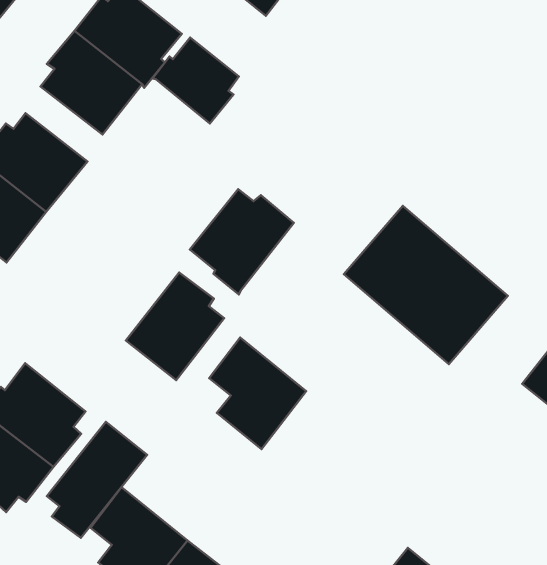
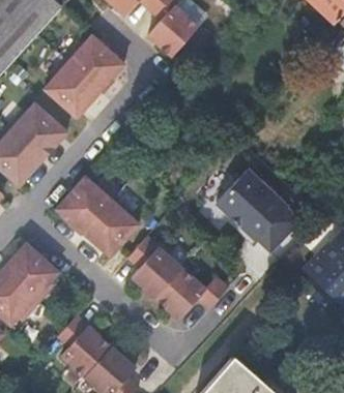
building: [153,37,239,124] -> none
building: [190,189,294,295] -> [57,177,116,236]
building: none -> [156,268,230,320]
building: [47,422,147,538] -> none

